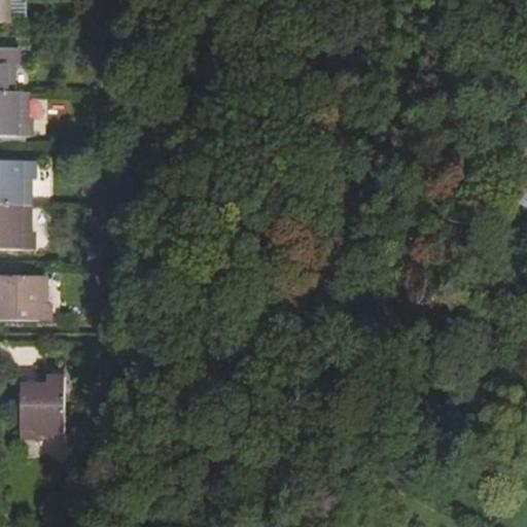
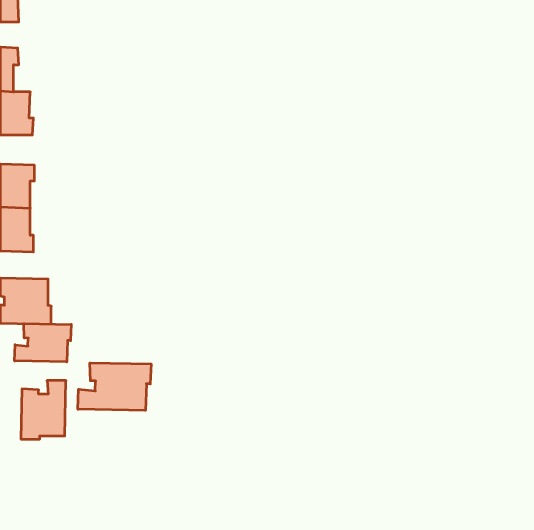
building: none -> [15,324,71,362]
building: none -> [78,363,151,410]

